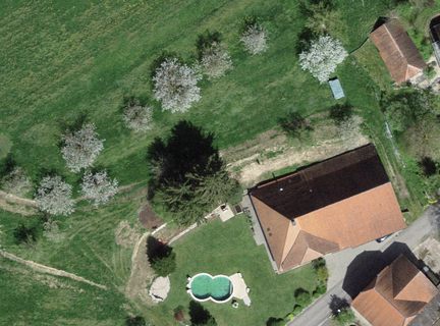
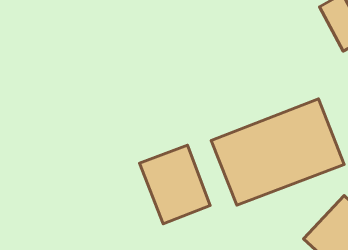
building: none -> [140,145,210,224]

